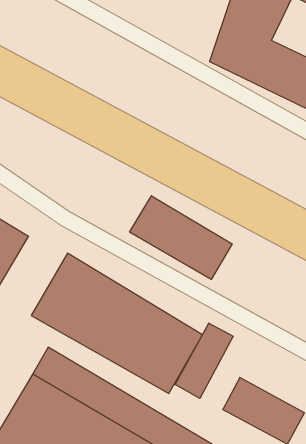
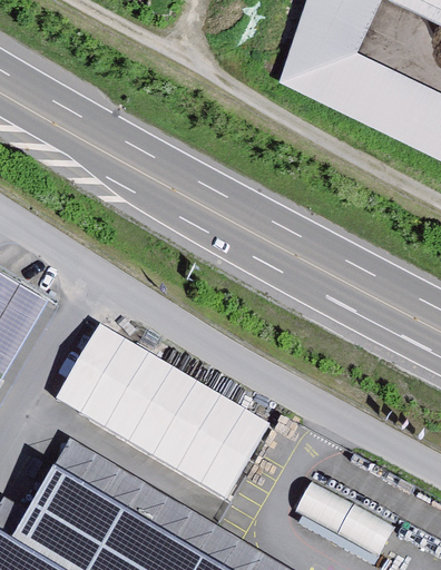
building: [130,196,232,279] -> none
building: [175,323,233,398] -> none

